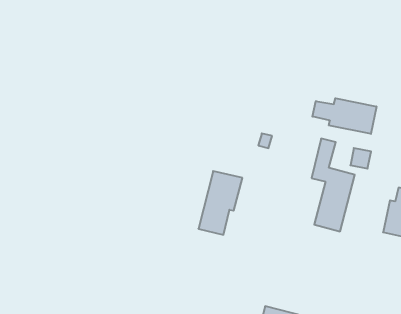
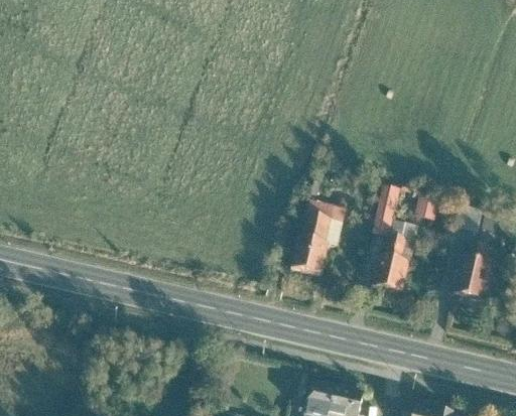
building: [312,98,376,134] -> none
building: [198,171,242,235] -> [290,200,342,275]

